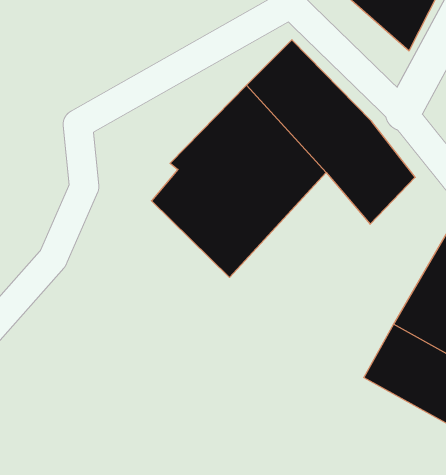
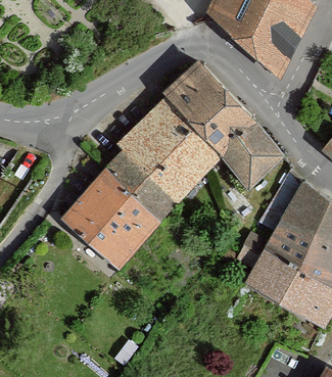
building: none -> [63,169,157,266]

